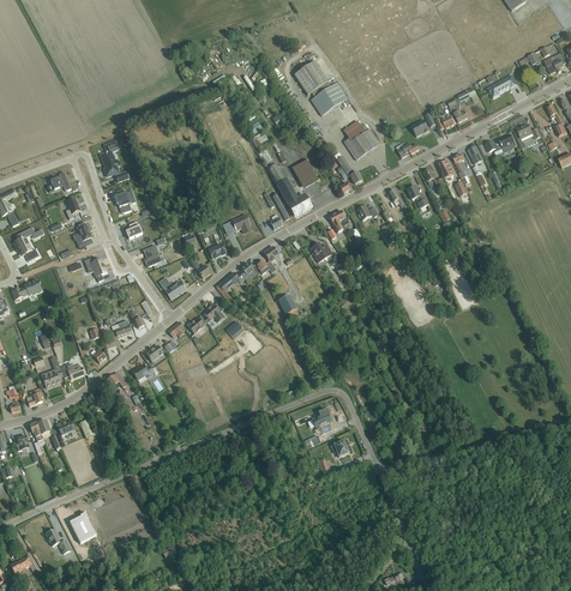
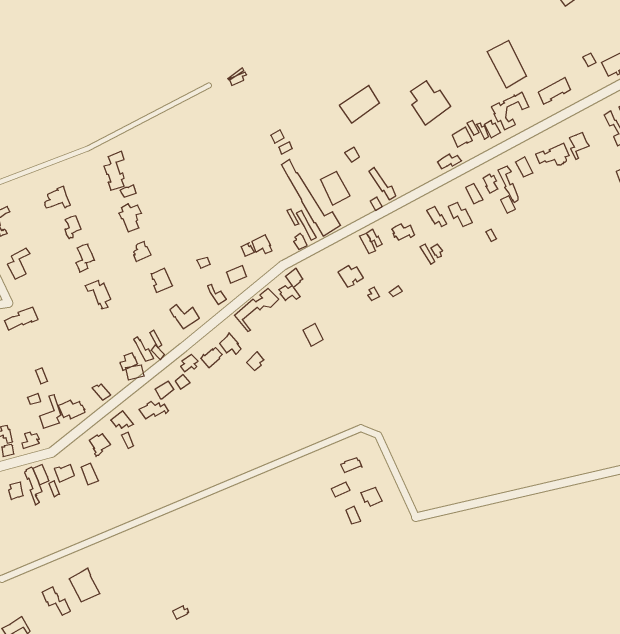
building: none -> [487,40,527,88]
building: [294,61,327,94] -> none
building: [343,120,379,159] -> [410,81,451,125]

